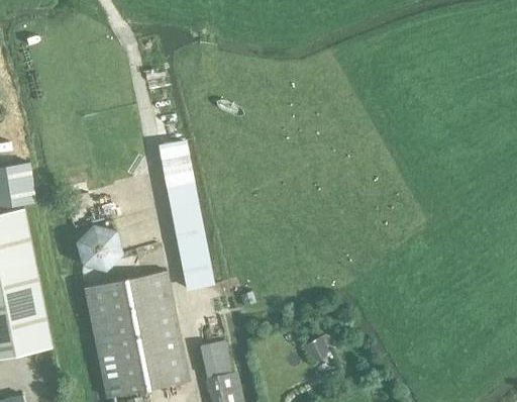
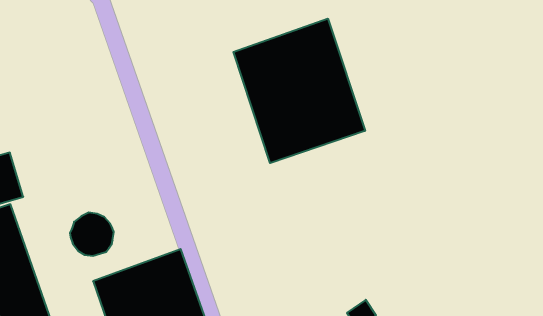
building: none -> [233,19,365,163]
building: [159,137,215,289] -> none

